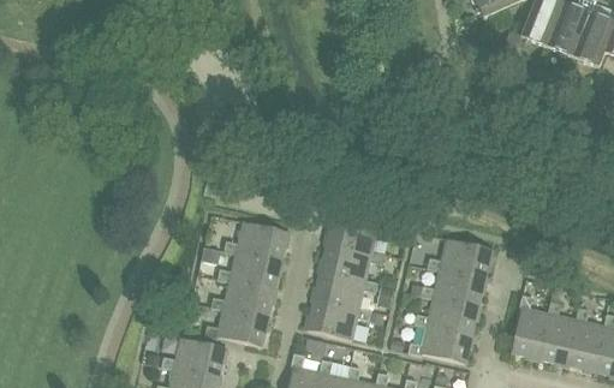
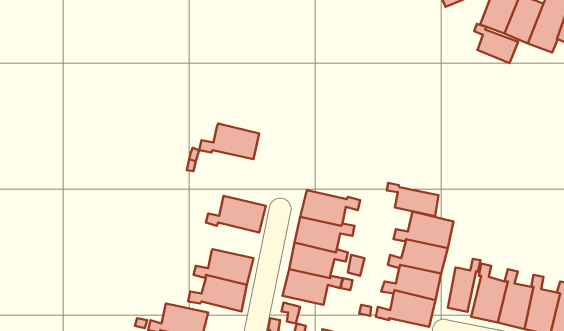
building: none -> [474,24,518,63]
building: none -> [387,183,438,216]
building: [216,250,281,288] -> [199,124,259,159]
building: none -> [448,259,481,312]

